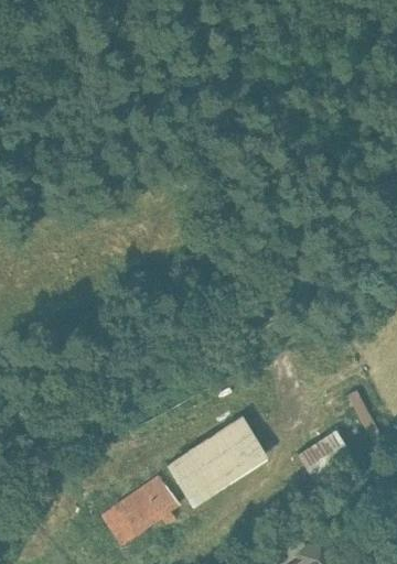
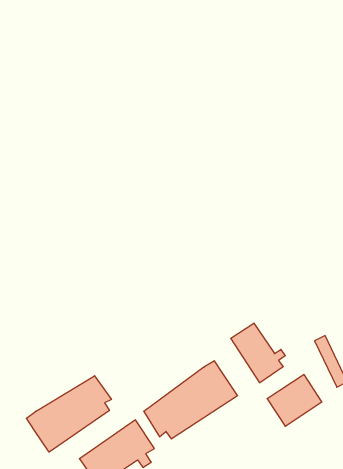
building: none -> [231,323,285,383]
building: none -> [26,376,111,452]

